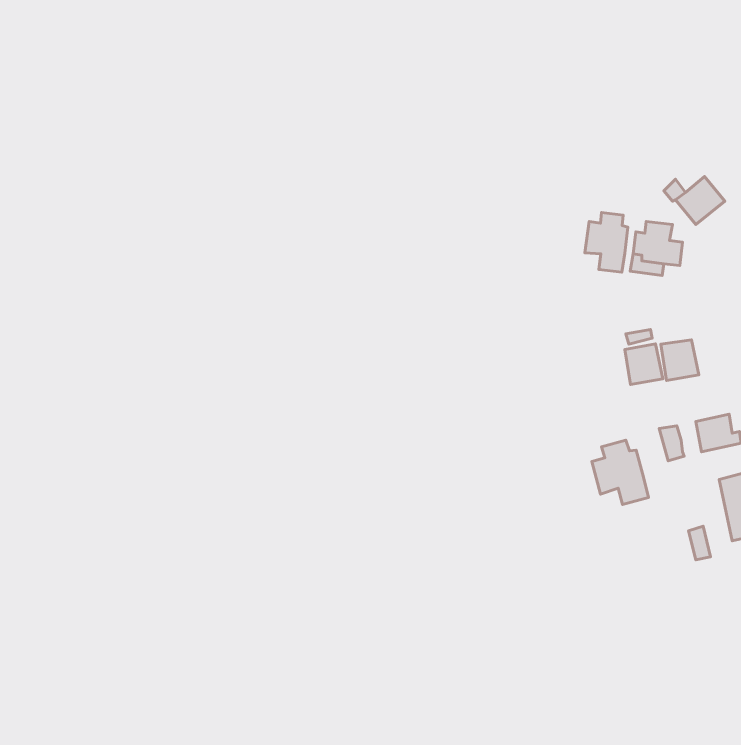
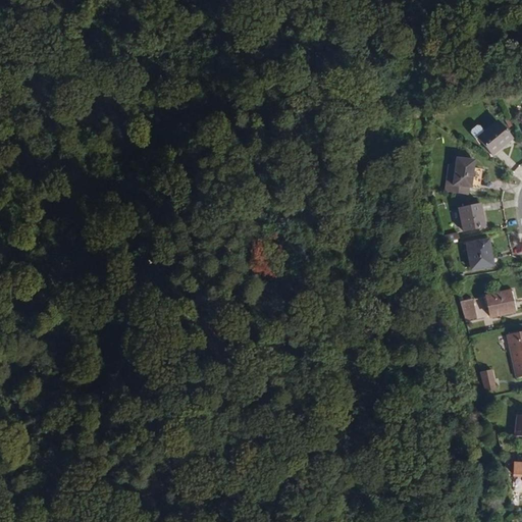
building: [585,213,628,272] -> none
building: [625,344,663,385] -> [457,201,483,229]
building: [592,440,648,504] -> none

